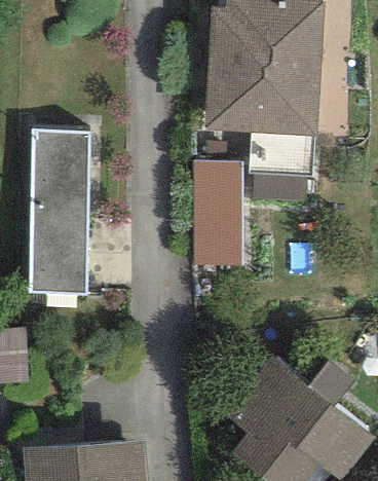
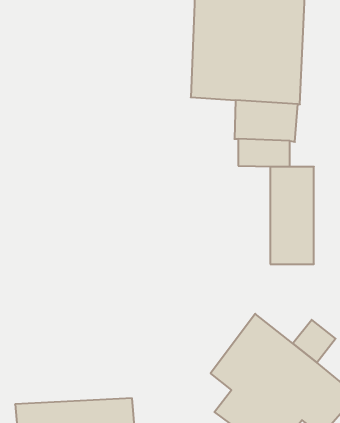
building: [29,131,91,295] -> none
building: [195,164,240,265] -> [270,167,314,264]

